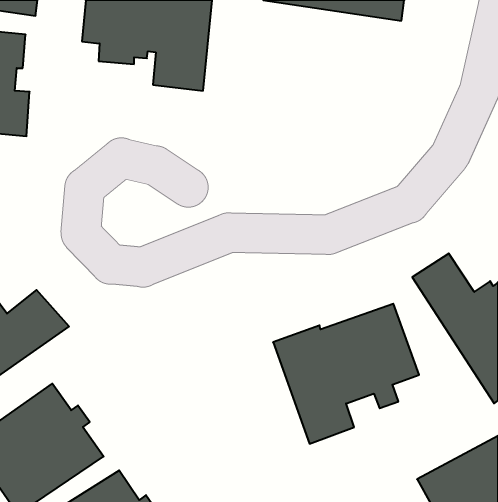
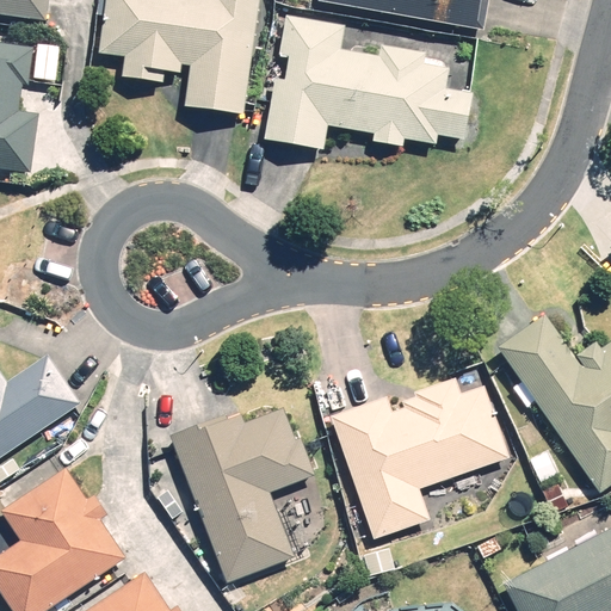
building: none -> [267,16,471,147]
building: none -> [168,408,314,584]

